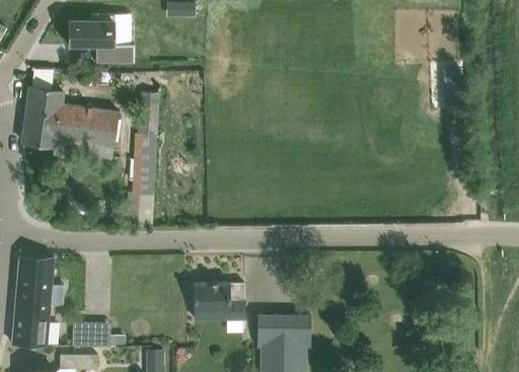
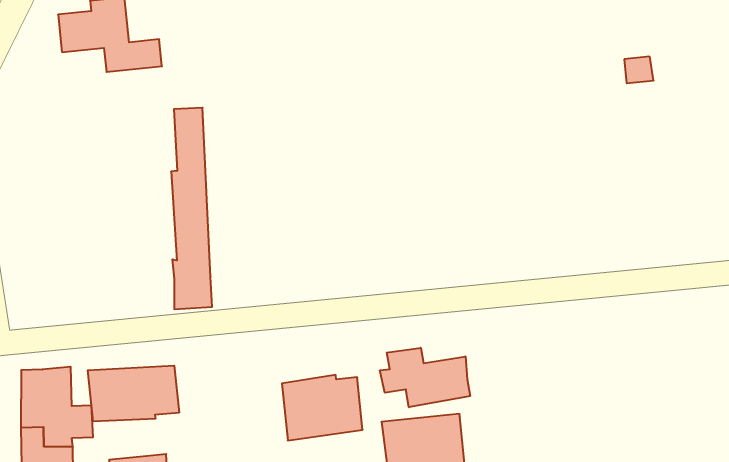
building: [23,86,120,165] -> none
building: none -> [88,366,179,421]
building: none -> [380,348,470,407]

